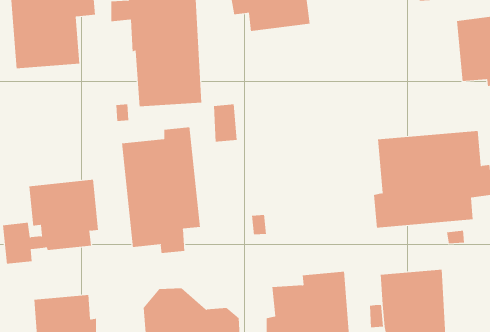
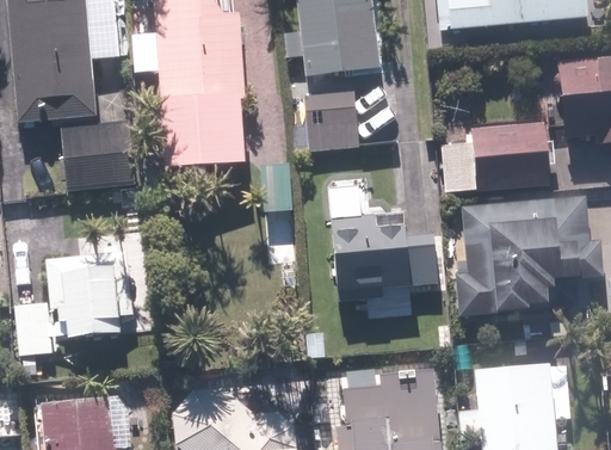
building: none -> [291,92,357,150]
building: none -> [62,122,136,186]
building: none -> [443,124,548,191]
building: [121,126,200,254] -> none
building: none -> [332,214,439,301]

